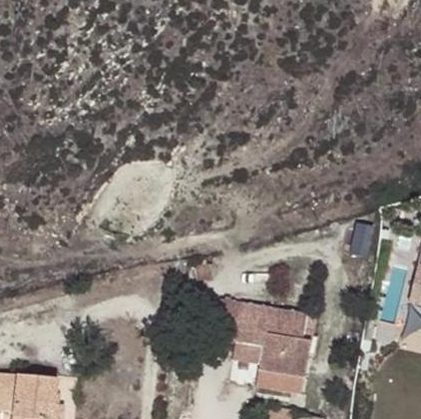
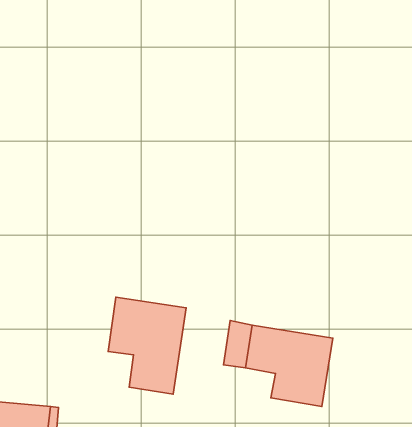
building: none -> [108,297,186,394]

